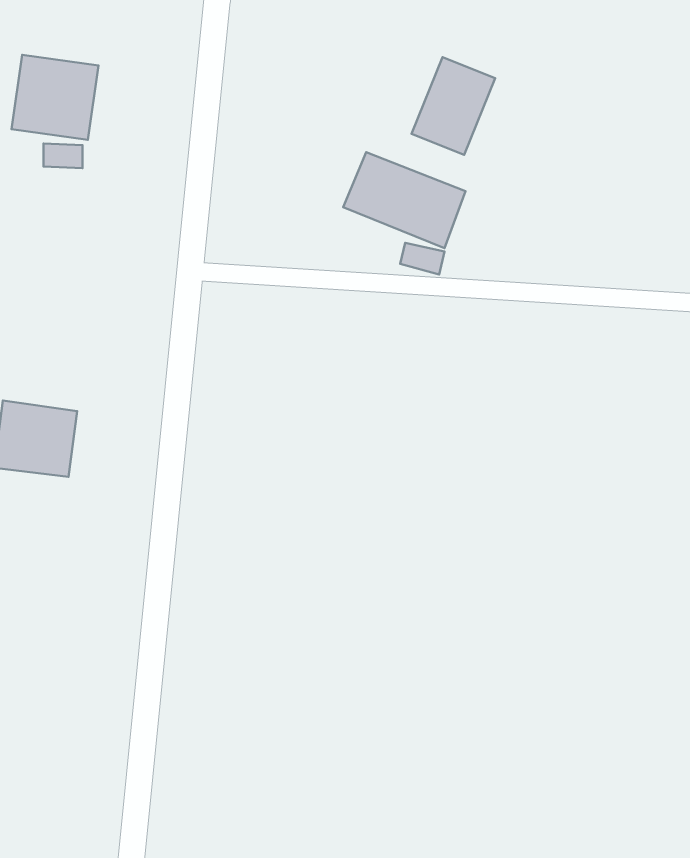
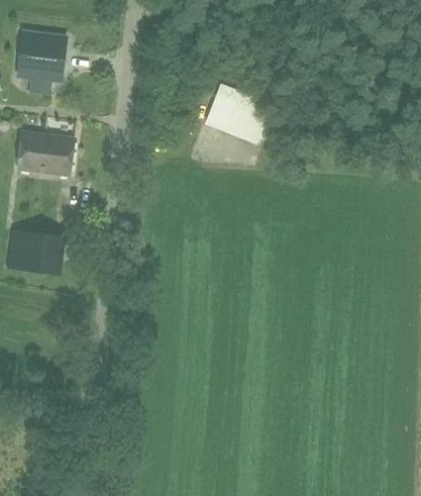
building: [411,57,495,155] -> none
building: none -> [16,130,74,176]

